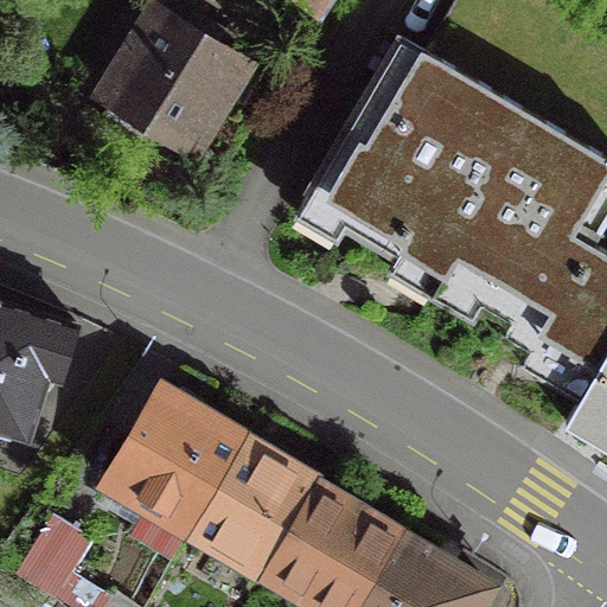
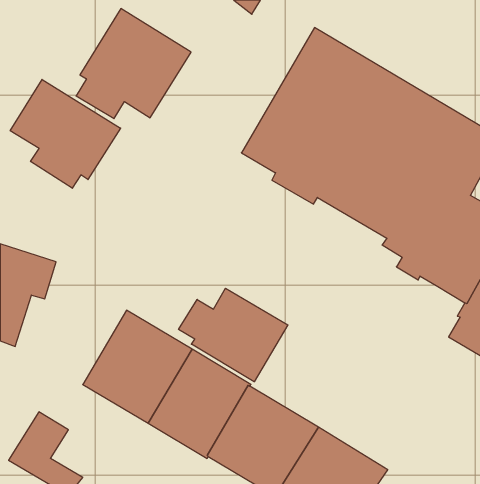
building: none -> [10,79,121,188]
building: none -> [179,288,288,382]

